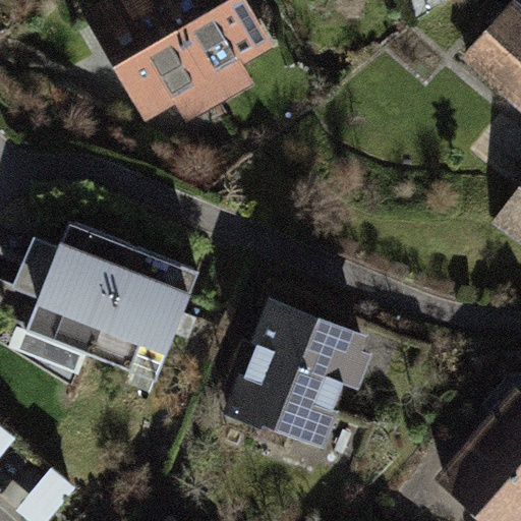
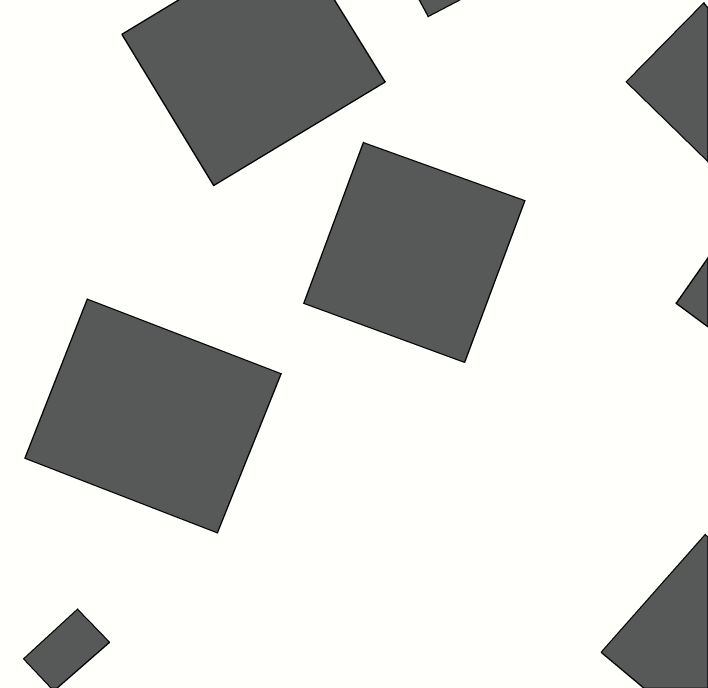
building: none -> [304,142,525,362]
building: [224,295,399,464] -> none

